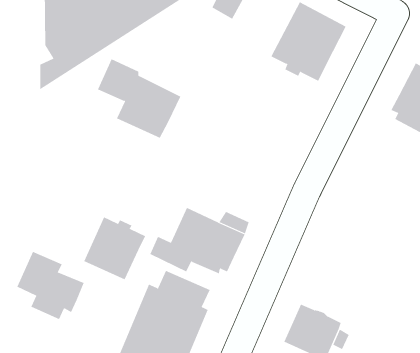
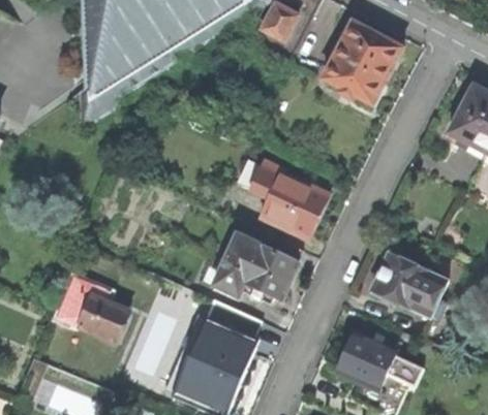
building: [97,59,181,138] -> [241,154,328,236]
building: [83,216,146,280] -> none
building: none -> [372,253,466,353]

